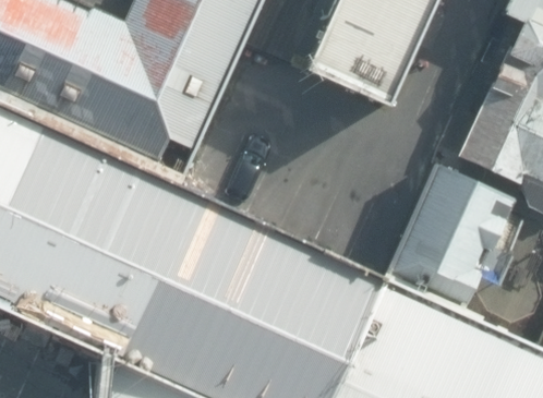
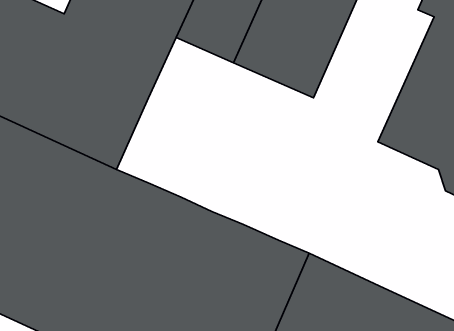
building: [385,164,516,313] -> none

